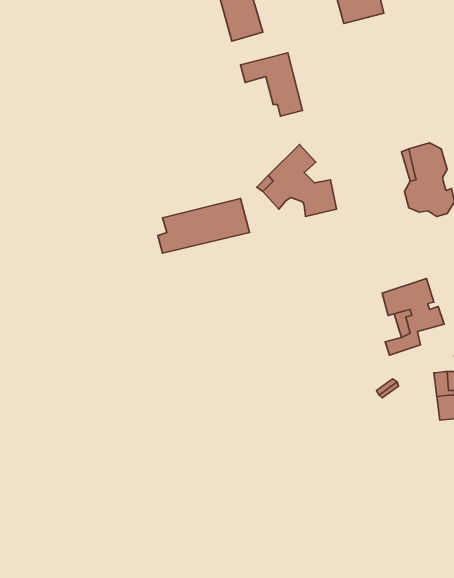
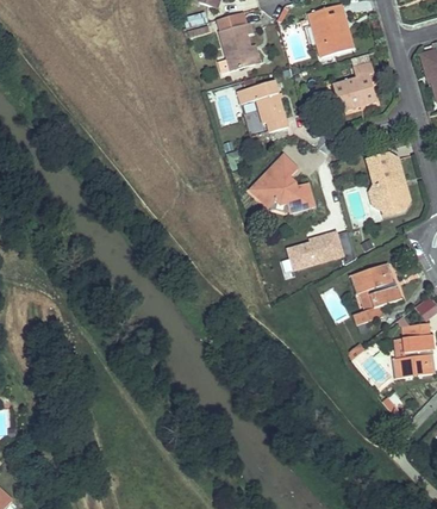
building: none -> [332,62,375,112]
building: [158,199,249,253] -> [280,230,354,274]

